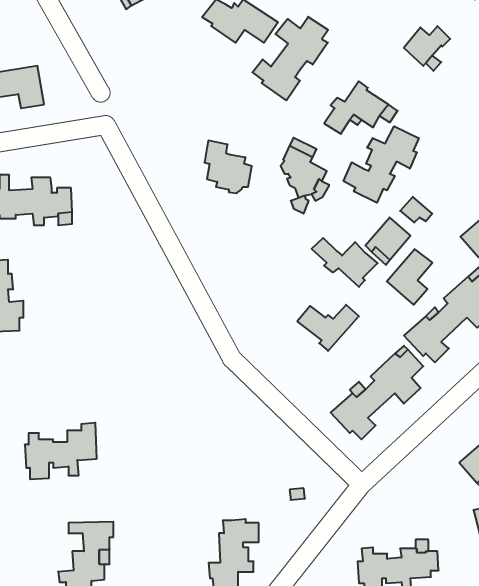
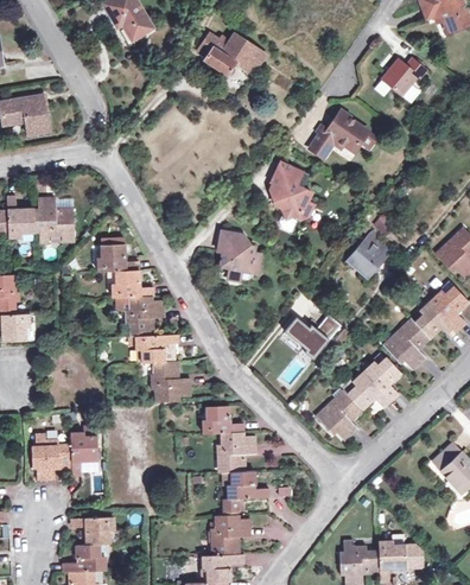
building: [252,17,328,100] -> none
building: [344,126,419,203] -> none
building: [204,141,252,193] -> [217,230,261,279]
building: none -> [99,243,191,400]
building: [312,238,378,287] -> none
building: [387,249,432,305] -> none
building: none -> [201,403,268,511]

